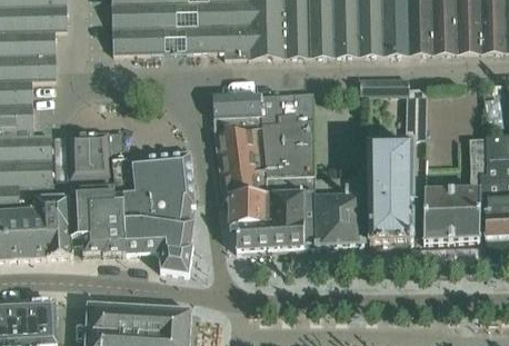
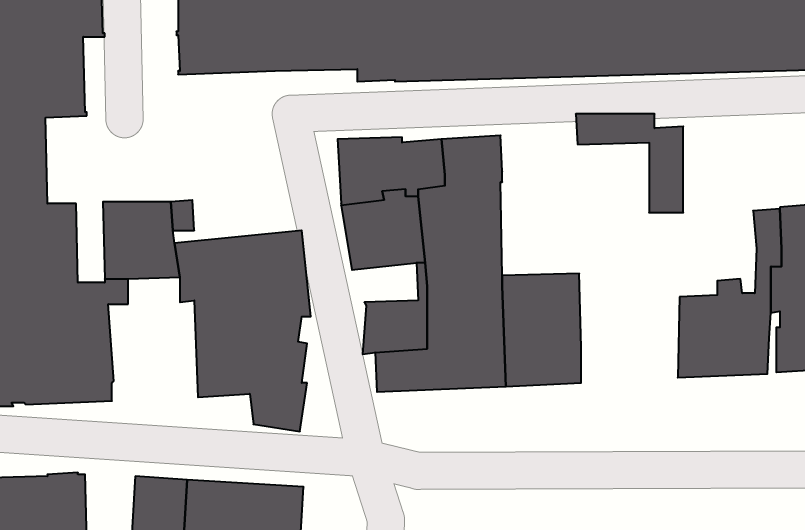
building: [367,144,415,244] -> none
building: [221,169,262,196] -> none
building: [70,178,126,254] -> none

